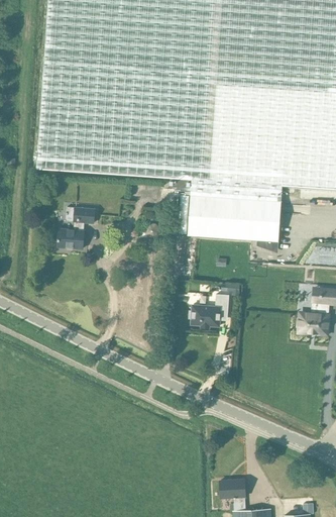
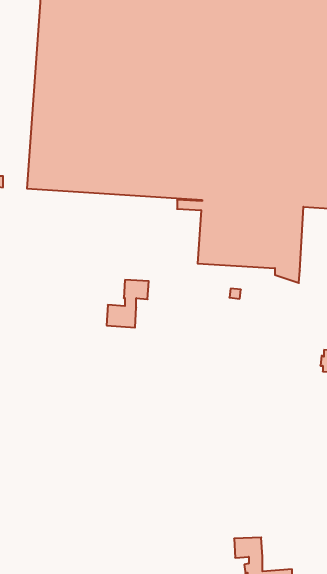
building: [58,207,95,249] -> [107,280,149,328]
building: [189,295,229,327] -> none

